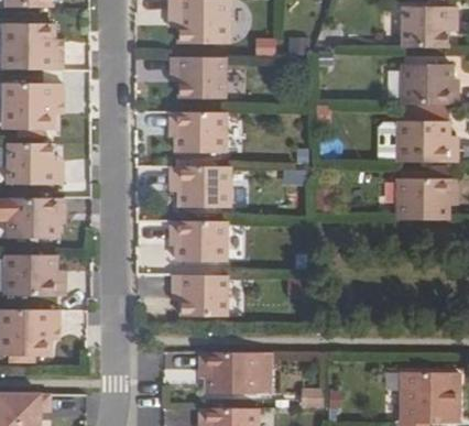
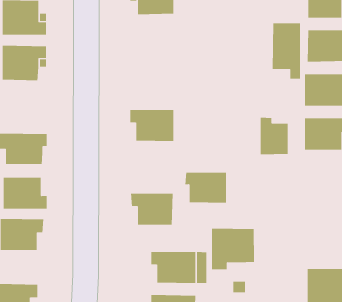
building: none -> [272,23,300,79]
building: [168,57,223,99] -> none
building: [170,111,223,153] -> none
building: [8,142,63,183] -> none
building: none -> [260,117,288,155]
building: [170,221,225,262] -> [185,172,227,203]
building: none -> [212,228,254,270]

